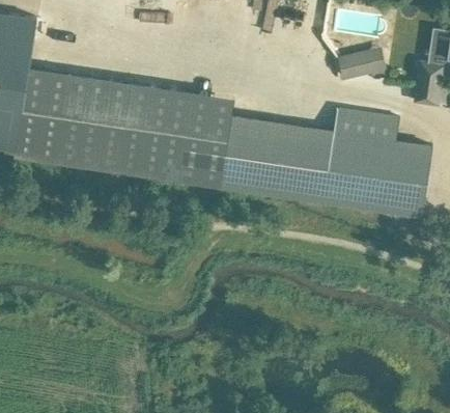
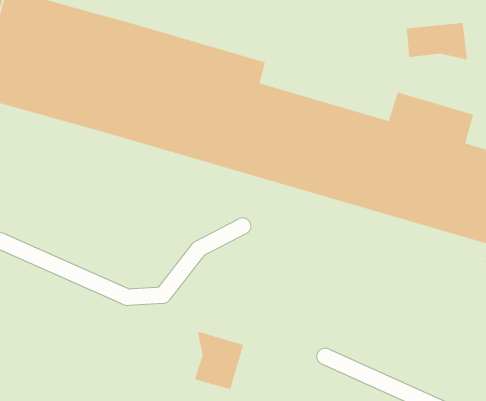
building: none -> [194,330,244,390]

